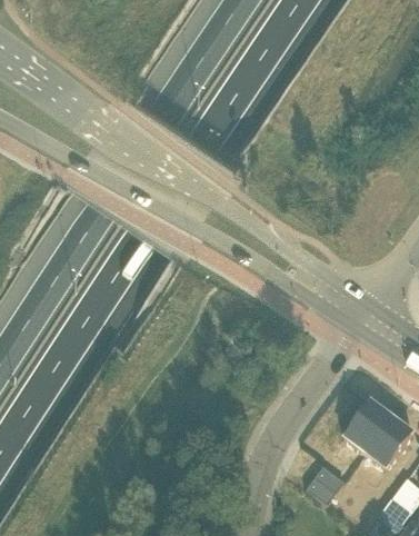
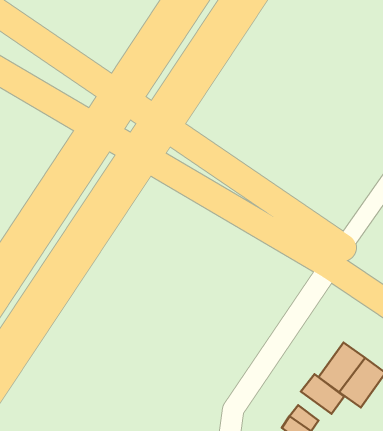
building: none -> [301,374,344,414]

